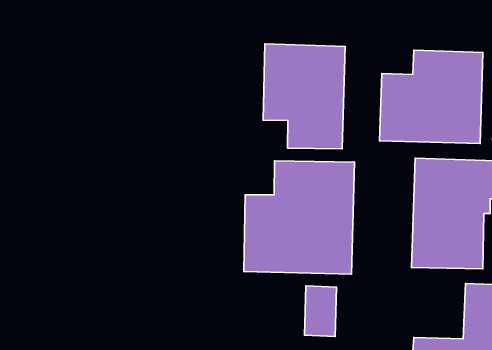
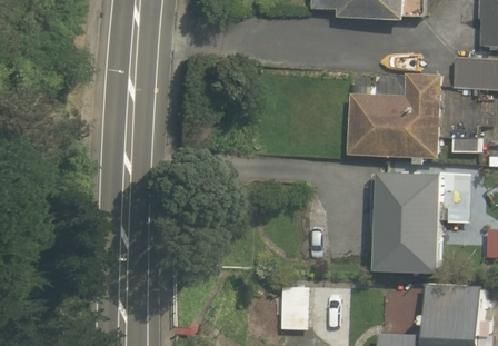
building: [263,44,345,149] -> none
building: [244,161,355,274] -> none

